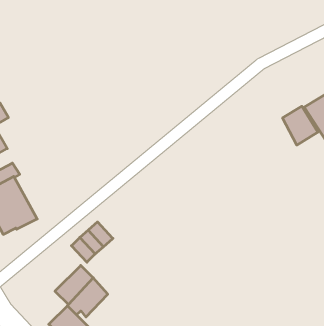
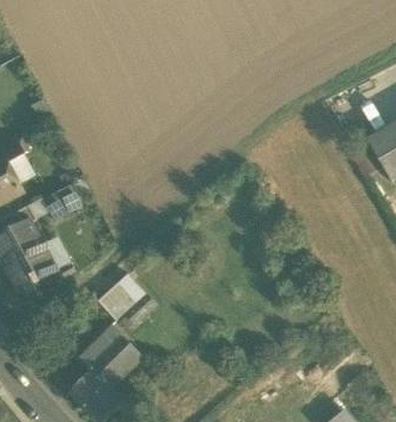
building: [283,106,318,145] -> none

